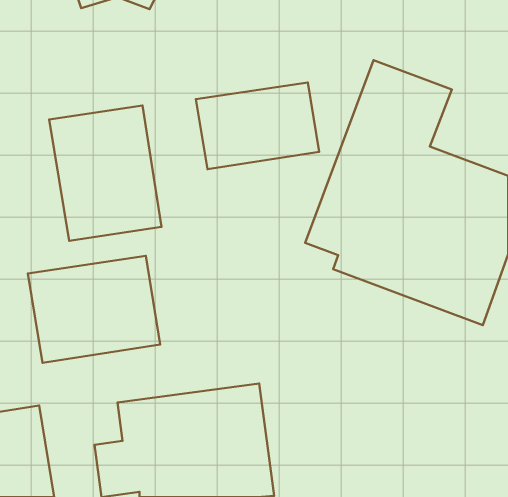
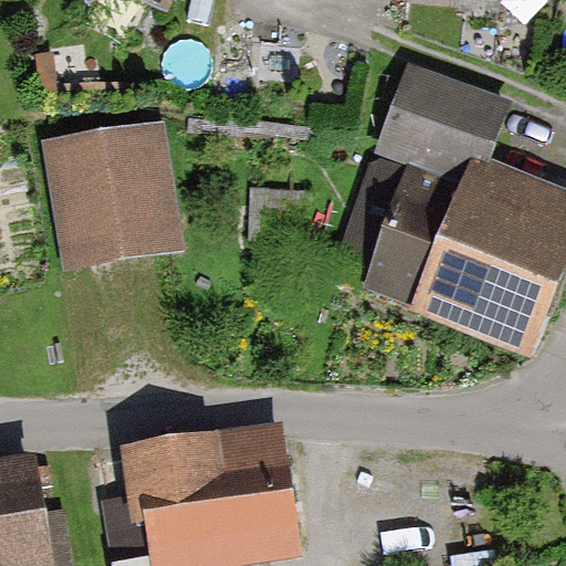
building: [196,82,319,169] -> none
building: [28,256,160,363] -> none

